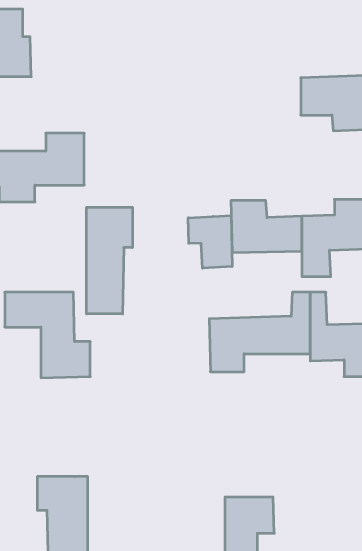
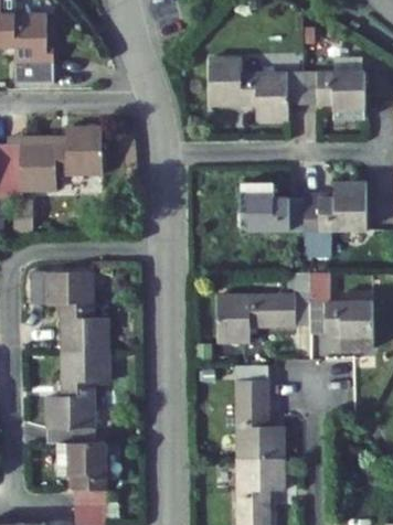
building: none -> [209,63,304,125]
building: [87,207,132,314] -> none
building: [188,215,232,268] -> none
building: none -> [50,349,110,440]
building: none -> [232,367,278,459]

